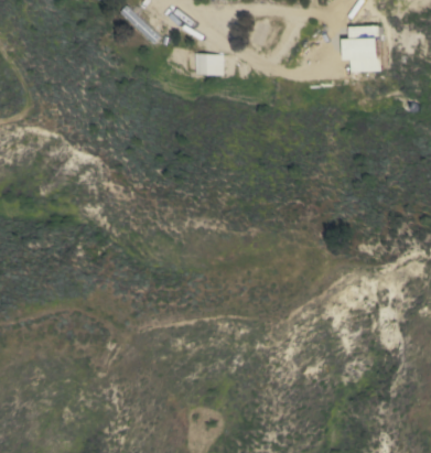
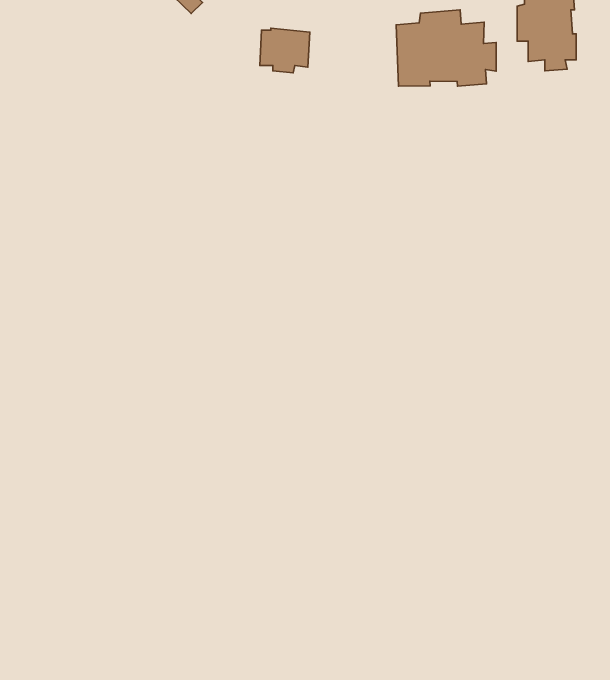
building: none -> [396,10,496,86]

